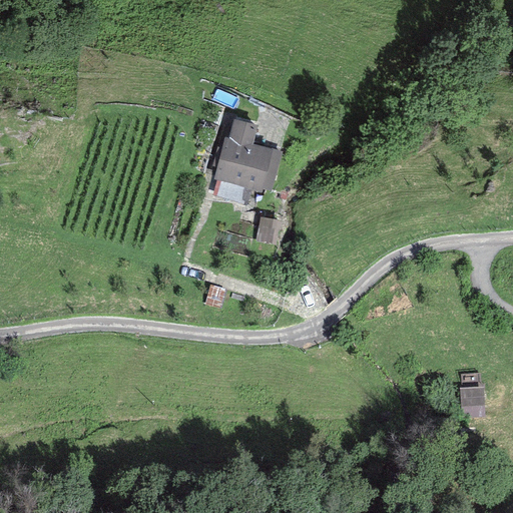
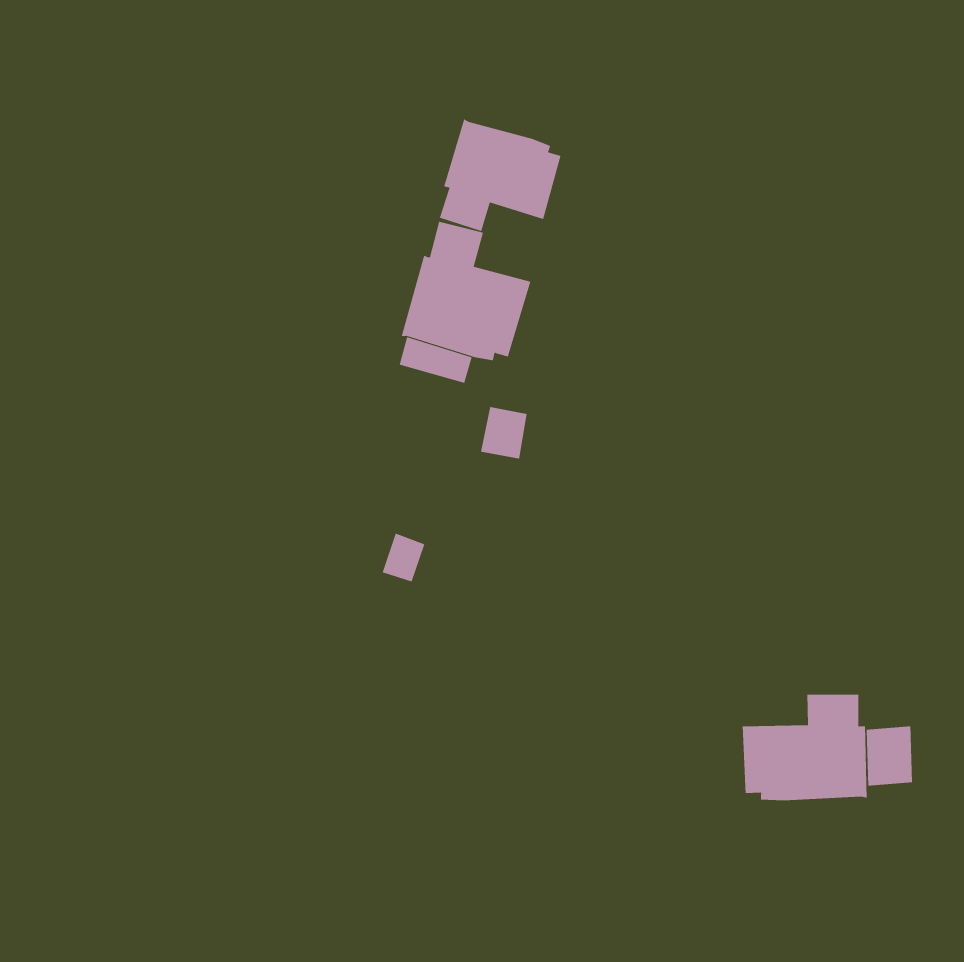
building: none -> [439,118,561,232]
building: none -> [742,694,867,801]

